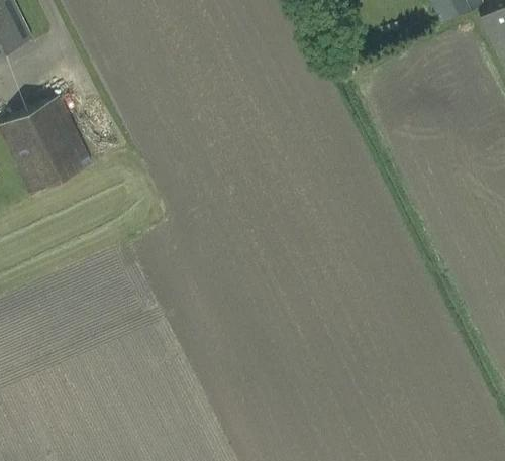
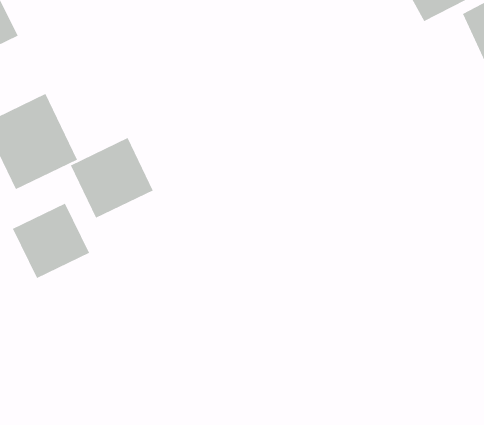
building: none -> [70,137,154,219]
building: none -> [12,203,90,279]

